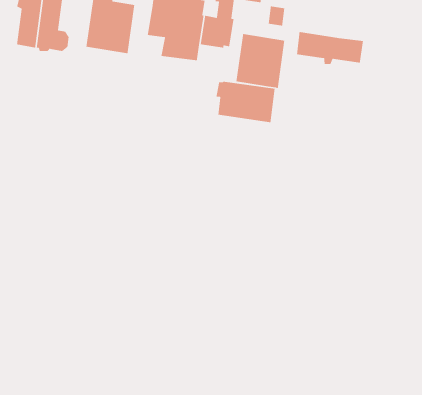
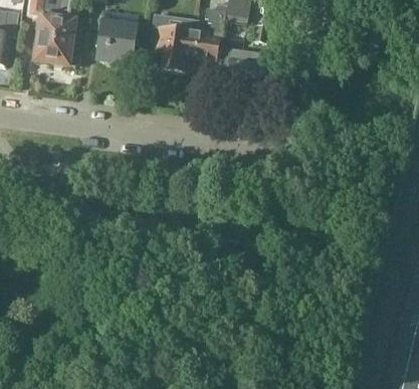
building: [296,31,364,65] -> none
building: [216,81,275,123] -> none

